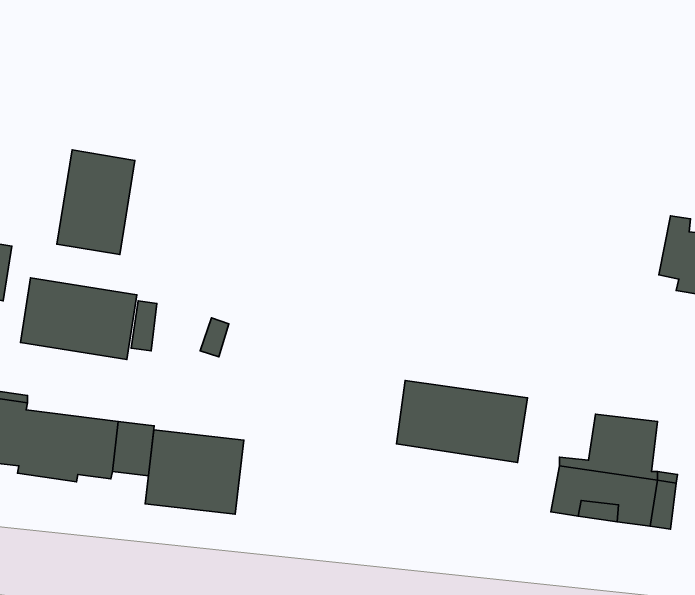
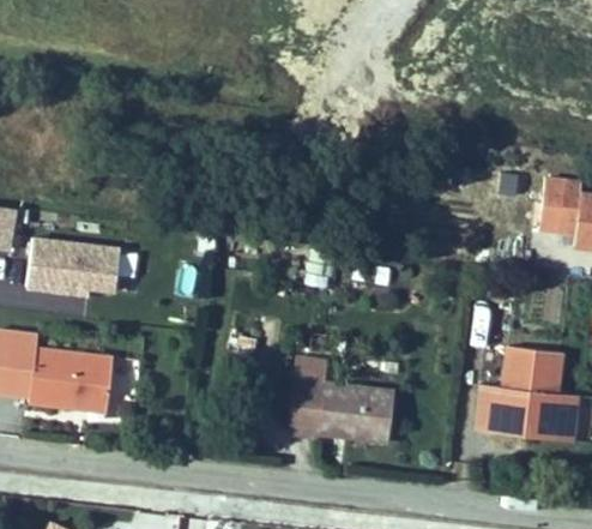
building: [57,150,135,255] -> none
building: [397,381,528,462] -> [284,377,393,445]
building: [145,430,244,514] -> none

